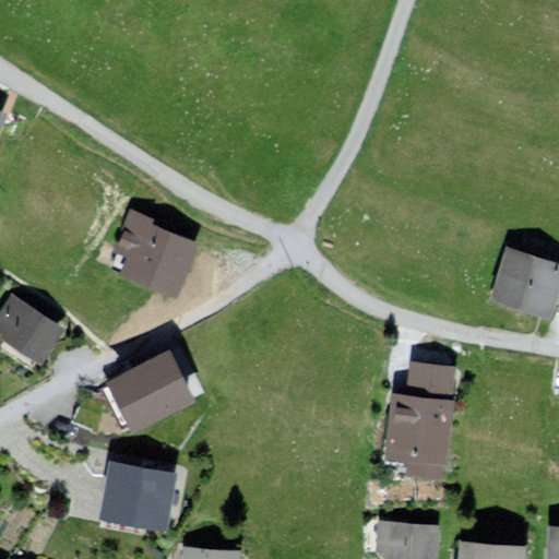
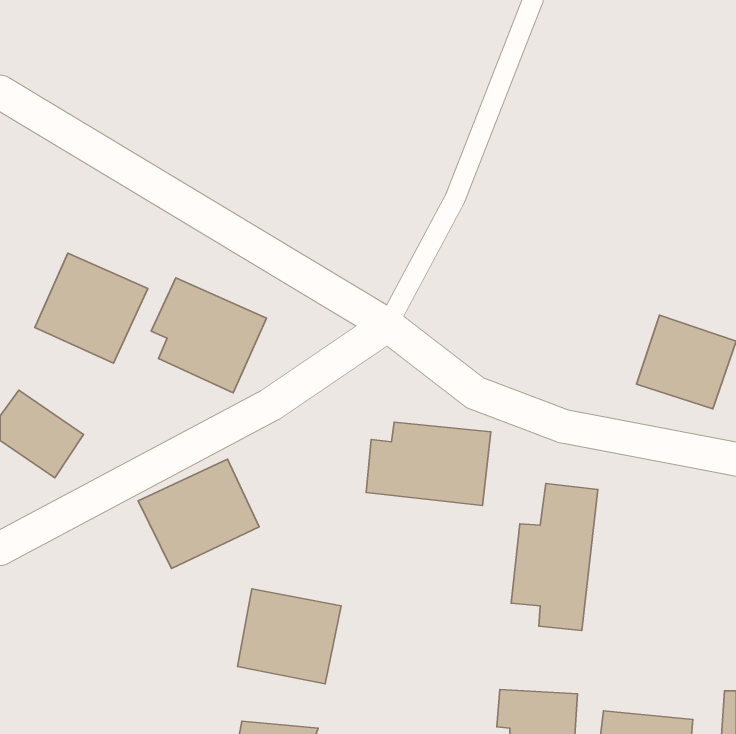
building: none -> [35,253,148,363]
building: none -> [366,422,491,505]
building: [99,456,178,528] -> [237,589,341,684]

